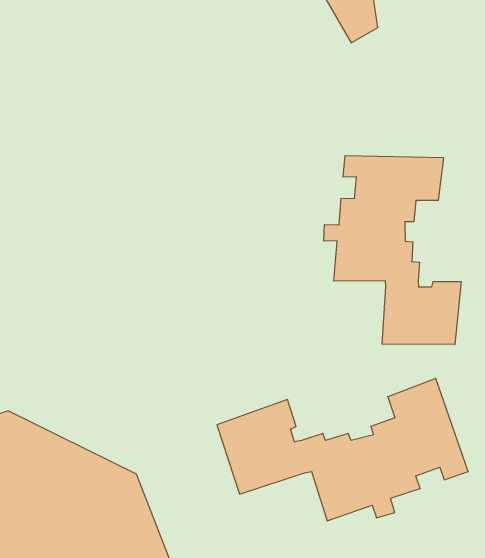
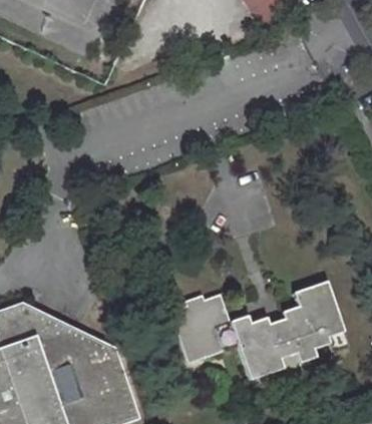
building: [324,156,461,345] -> none

